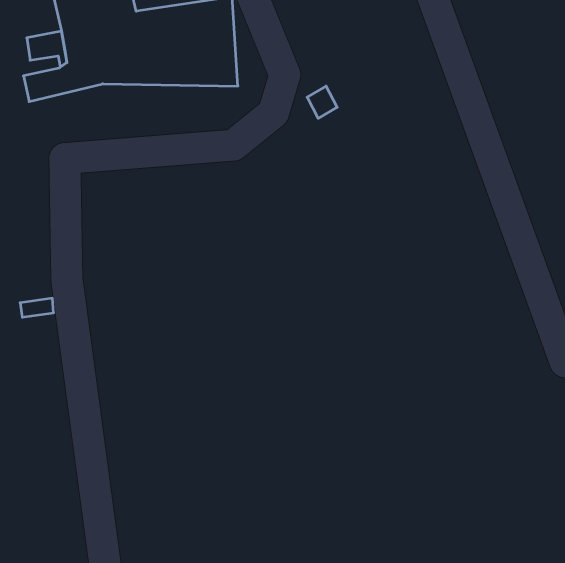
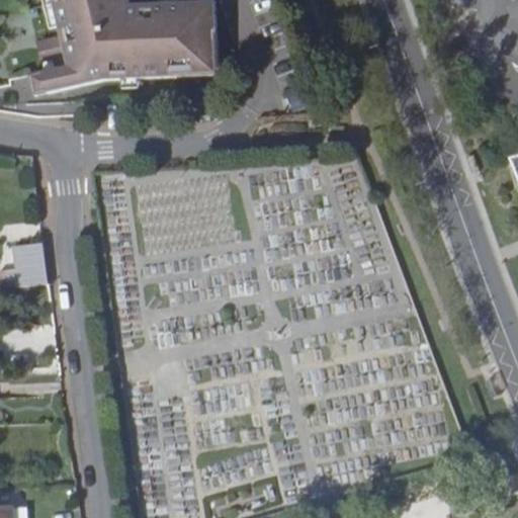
building: none -> [14,238,48,274]

